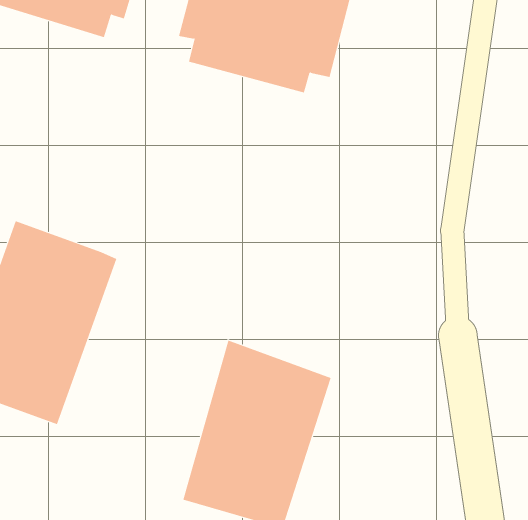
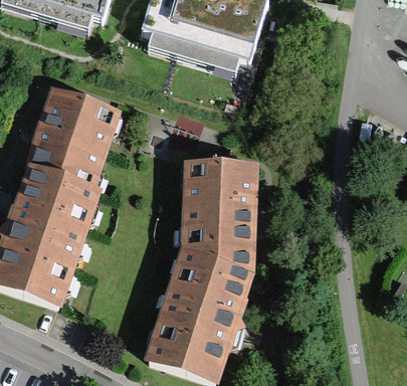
building: none -> [28,88,116,183]
building: none -> [179,162,260,272]

